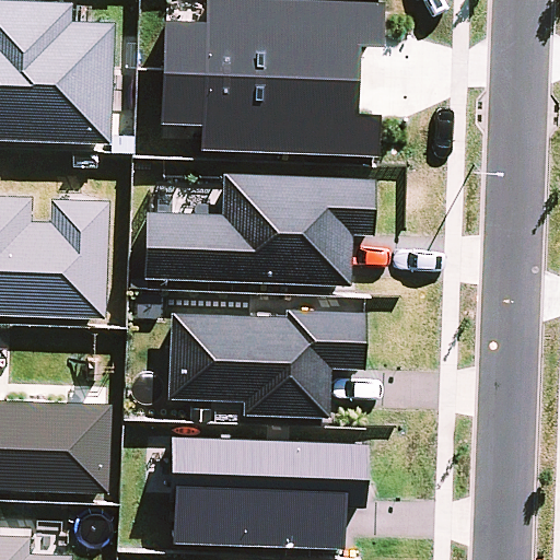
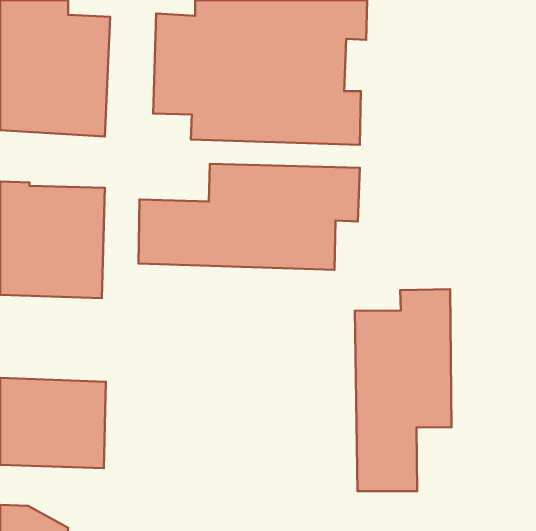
building: none -> [355,289,452,491]
building: [168,312,364,417] -> none
building: [167,436,366,548] -> none

